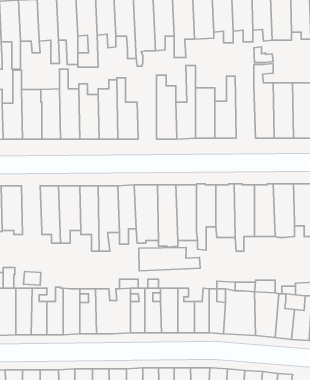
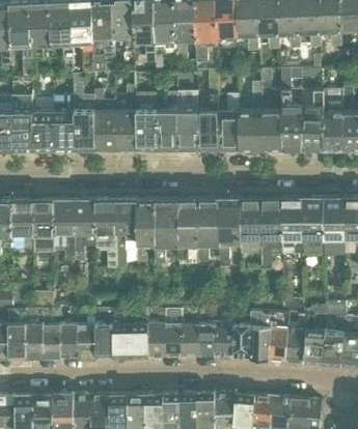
building: none -> [261,69,283,149]
building: none -> [157,92,177,150]
building: none -> [33,200,55,253]
building: [139,247,200,271] -> none

